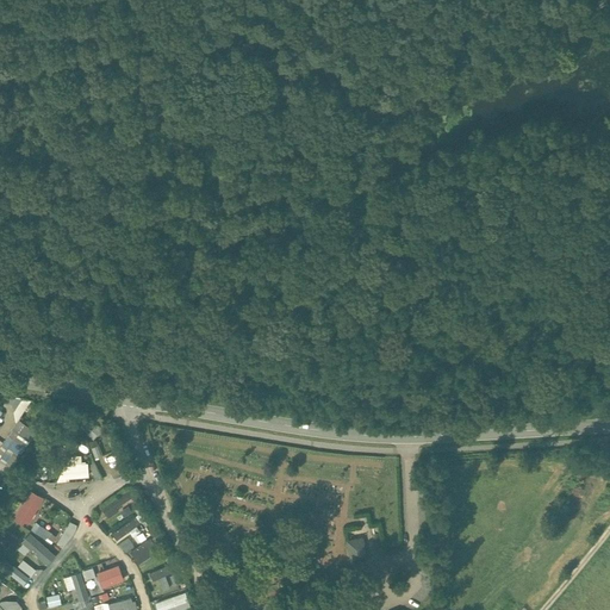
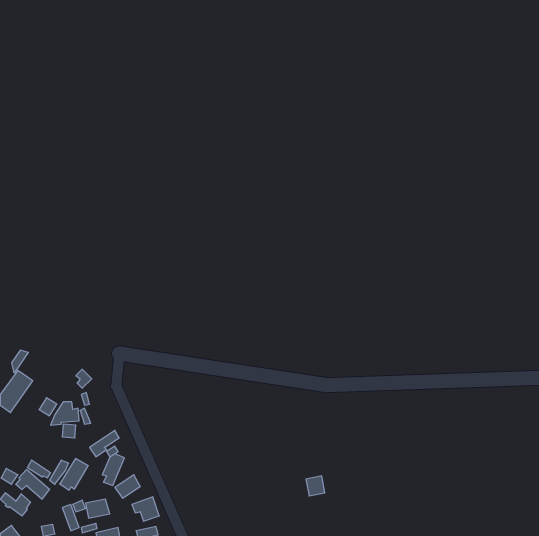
building: [12,491,44,527] -> [60,458,88,490]

